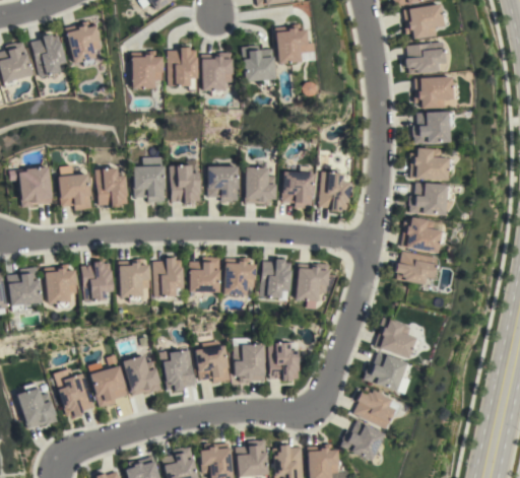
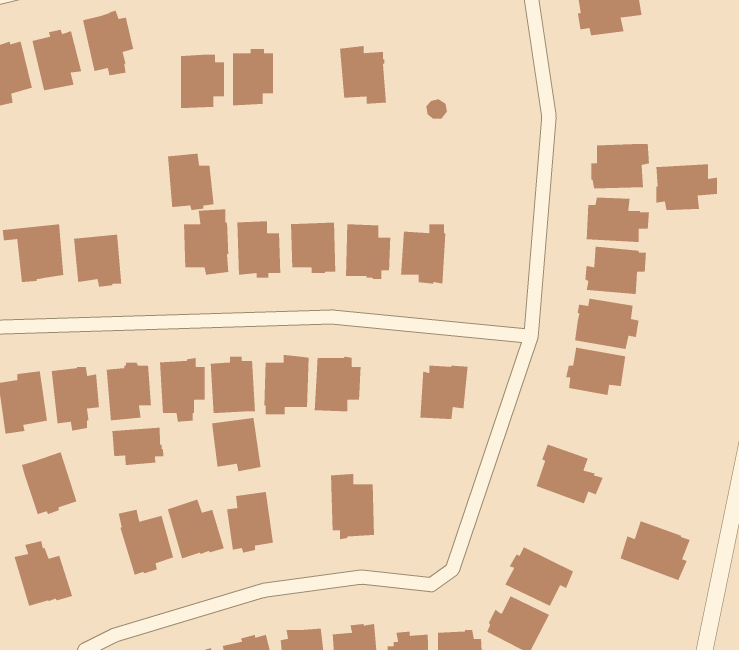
building: [273,23,314,64] -> none
building: [404,42,444,74] -> none
building: [200,52,231,95] -> none
building: [413,76,456,109] -> [655,163,718,211]
building: [96,167,129,207] -> [167,153,215,211]
building: [319,172,350,211] -> none
building: [260,259,291,300] -> none
building: none -> [111,427,164,466]
building: [269,342,300,382] -> none
building: [196,345,231,383] -> [211,417,262,472]
building: [364,352,412,394] -> [619,520,691,581]
building: [57,372,95,416] -> [21,451,77,515]

